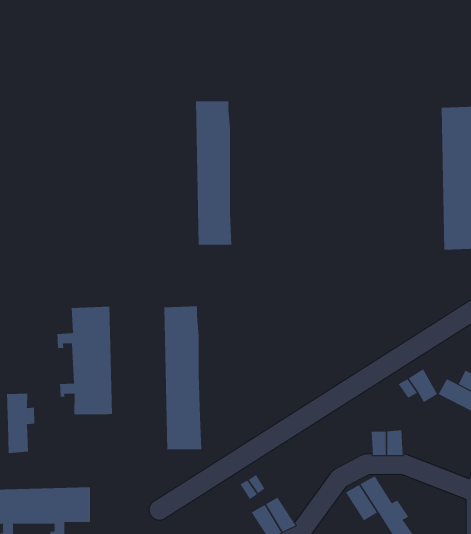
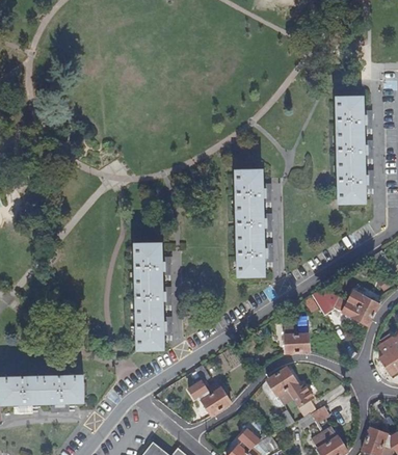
building: [195,101,232,245] -> [235,170,262,275]
building: [57,306,113,415] -> none
building: [7,393,35,454] -> none

